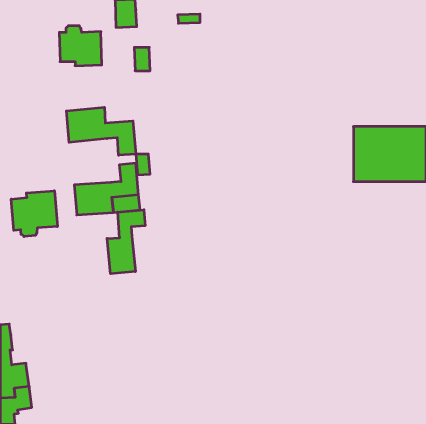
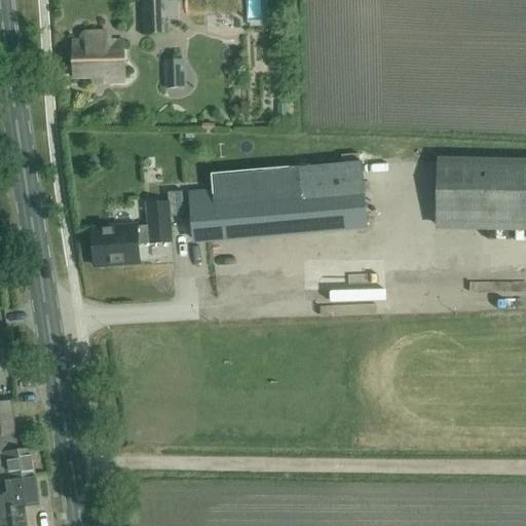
building: [66,107,136,155] -> none
building: none -> [188,160,367,238]
building: [11,191,57,237] -> none
building: [107,210,145,274] -> none

